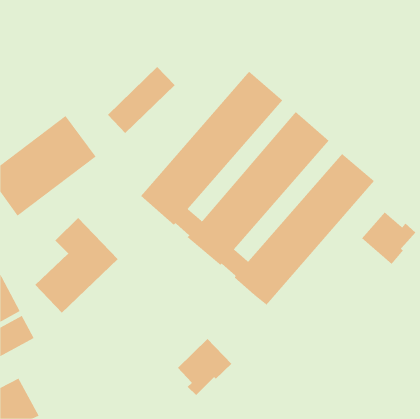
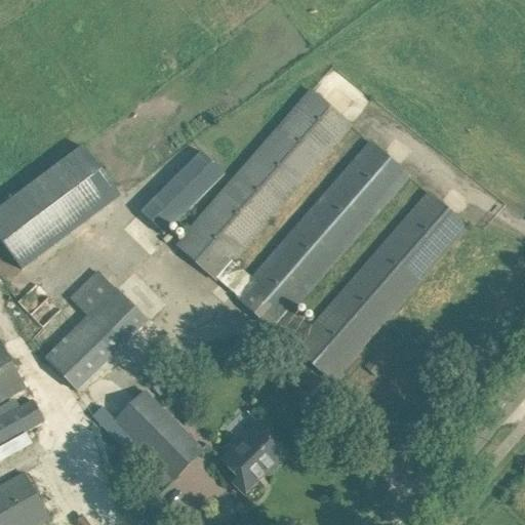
building: [107,66,175,134] -> [139,150,225,234]
building: [361,212,416,265] -> none
building: none -> [89,390,205,488]

